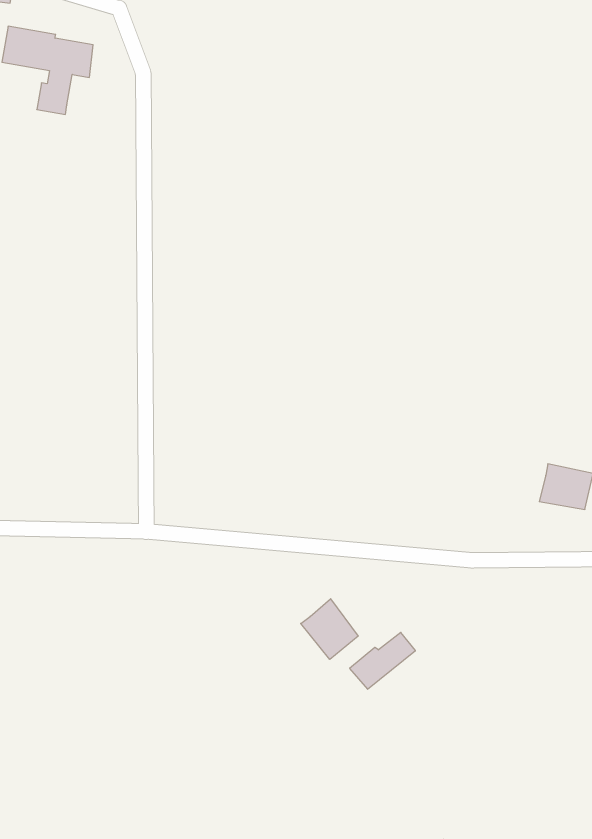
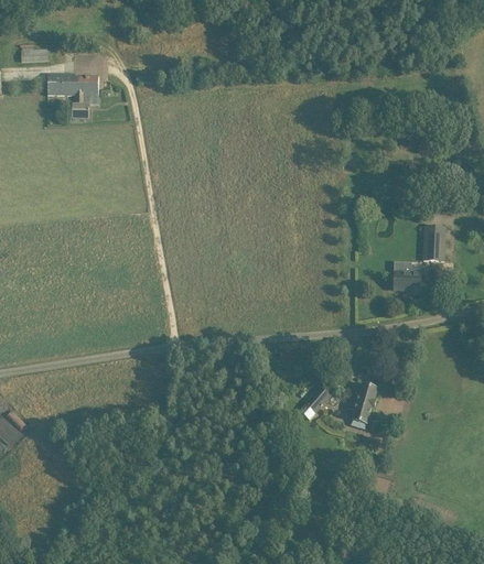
building: [301,599,358,659] -> none
building: none -> [351,382,376,423]

